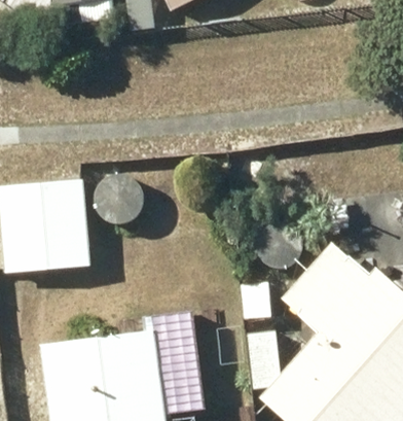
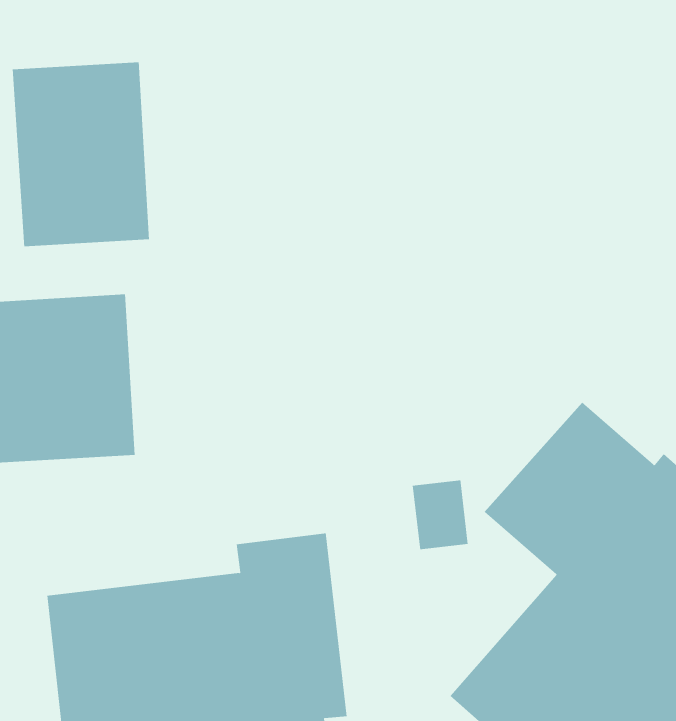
building: none -> [12,61,150,247]

